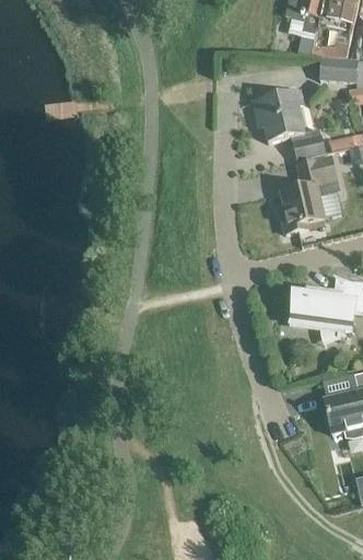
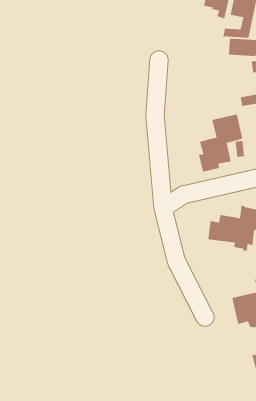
building: [258,90,326,159] -> none

